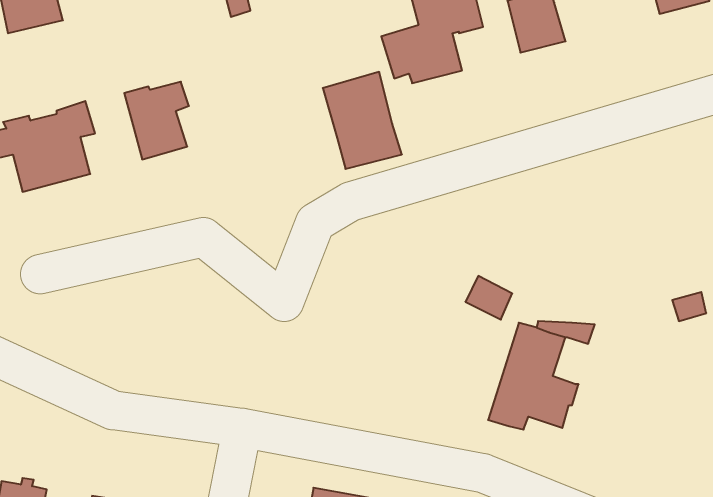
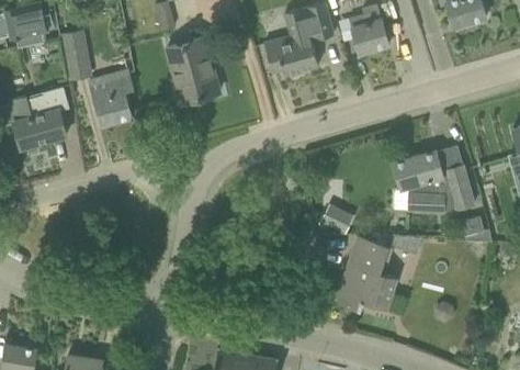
building: none -> [61,30,92,80]
building: [323,72,402,169] -> [167,37,221,103]
building: none -> [396,152,475,212]

